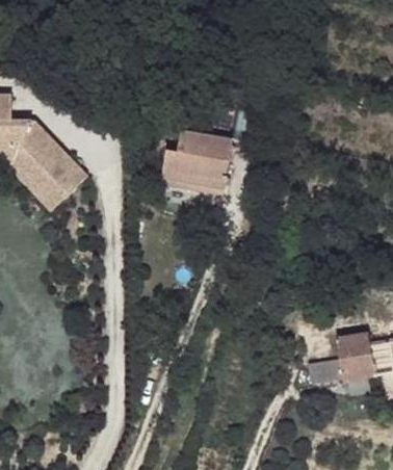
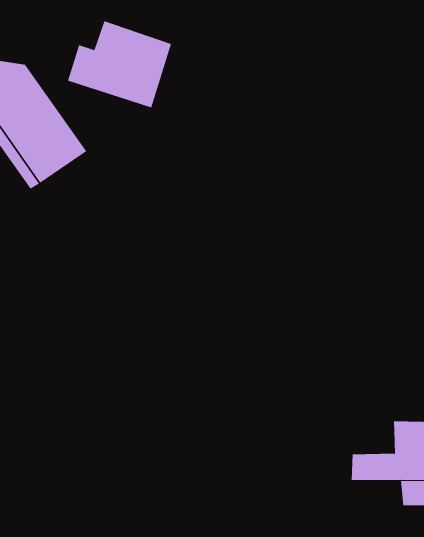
building: [161,131,232,188] -> [67,21,172,108]

